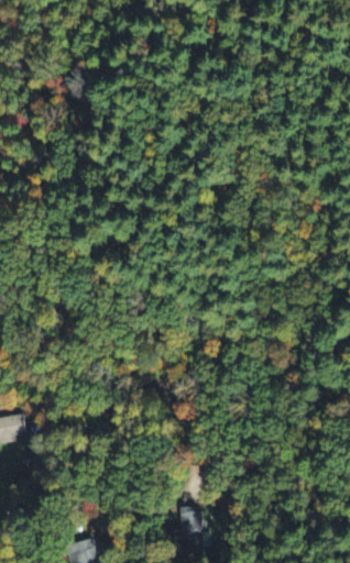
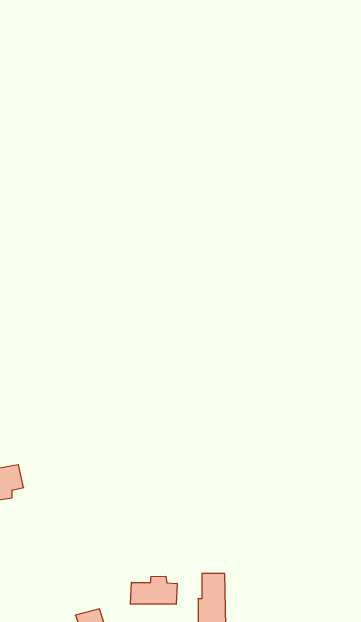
building: none -> [131,576,177,604]

